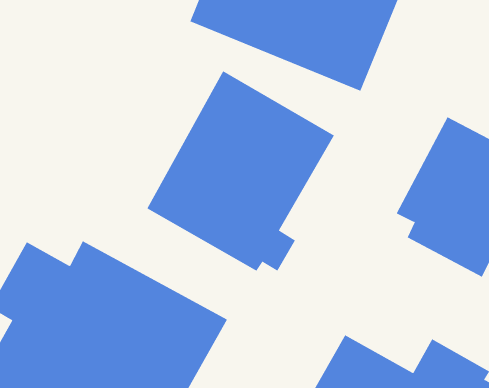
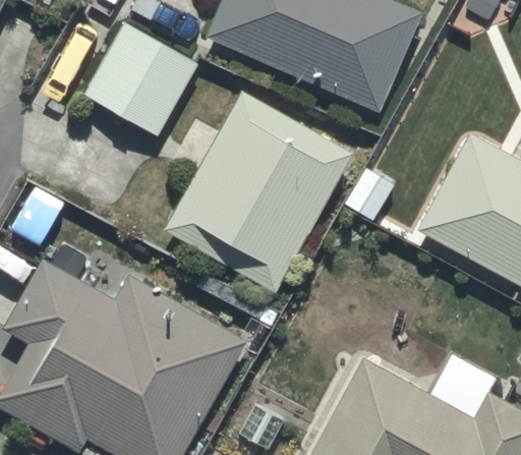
building: none -> [83,20,199,137]

